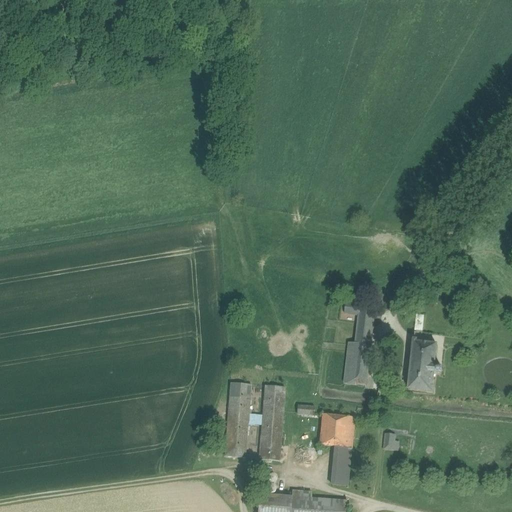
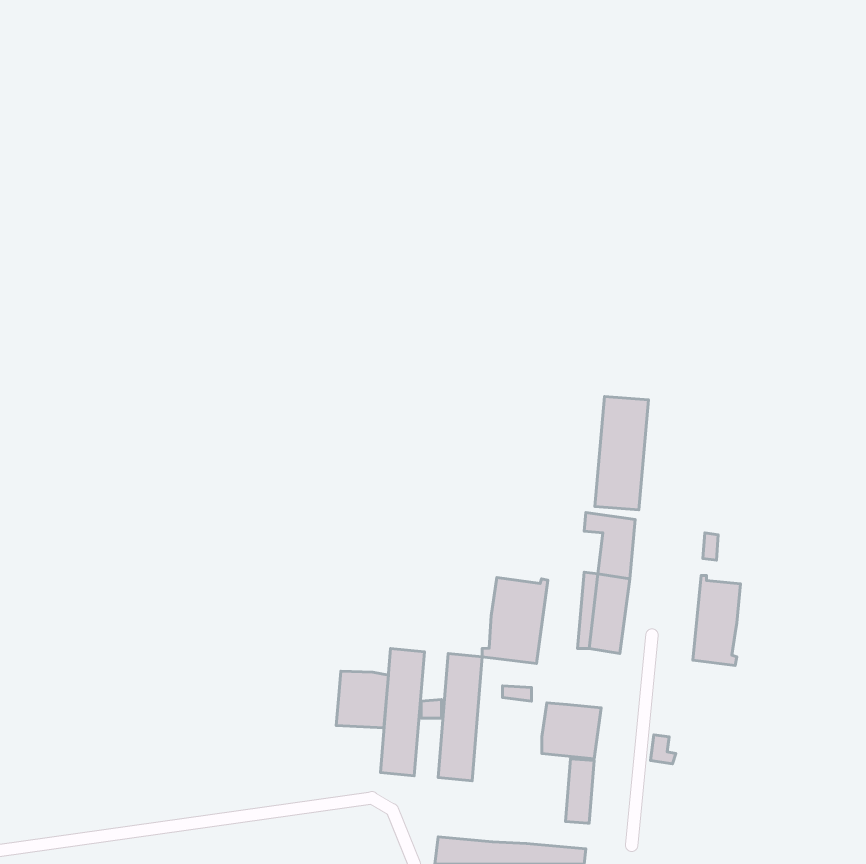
building: none -> [595,396,648,510]
building: none -> [482,578,548,664]
building: none -> [336,671,388,728]

